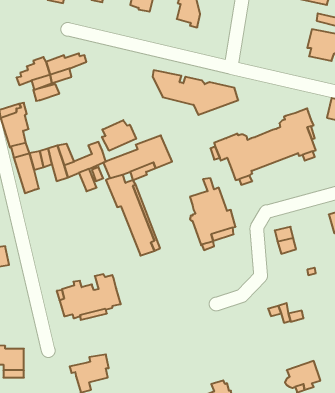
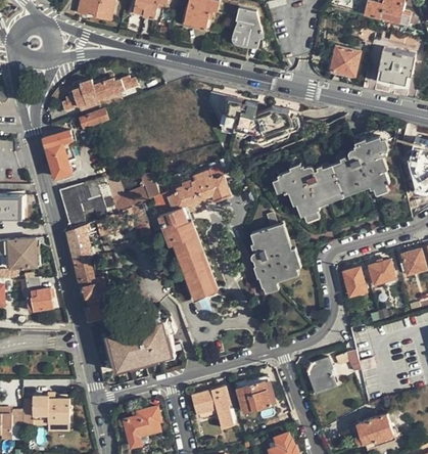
building: none -> [330,46,360,77]
building: [102,120,136,151] -> none
building: none -> [65,225,106,319]
building: none -> [368,259,395,283]
building: none -> [306,357,335,392]
building: none -> [233,376,274,412]
building: none -> [190,387,232,428]

